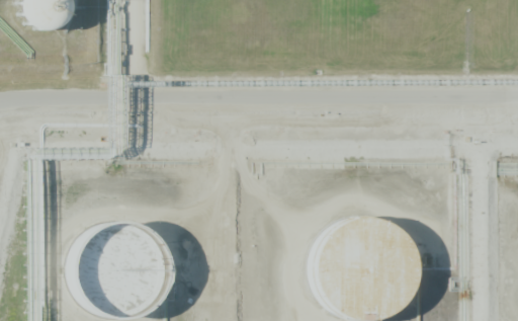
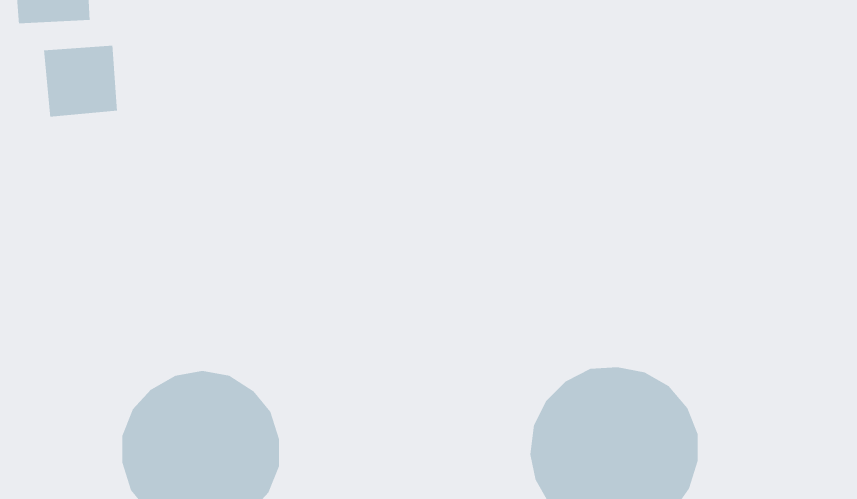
building: none -> [43,45,118,117]

